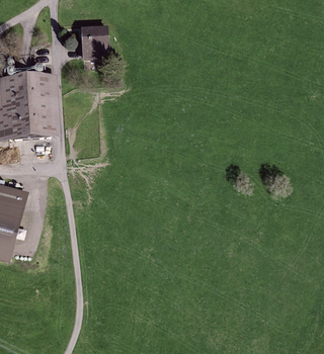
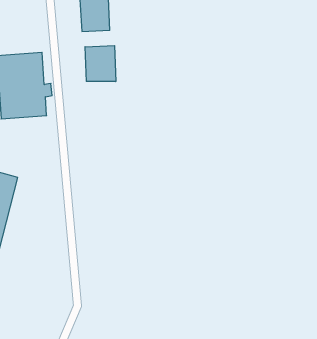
building: none -> [85,46,116,82]

